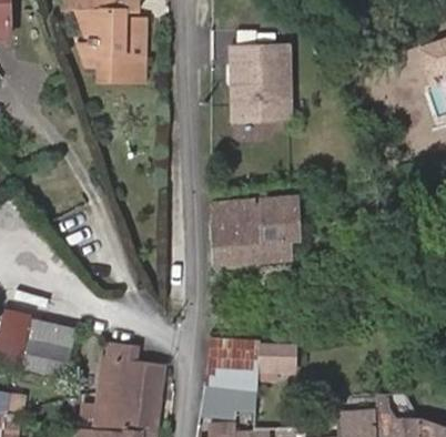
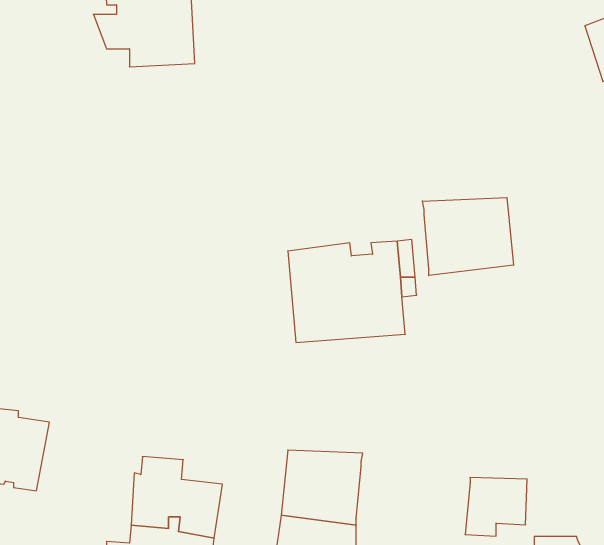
building: [230,44,286,118] -> none
building: none -> [422,198,513,276]
building: [40,319,75,372] -> none
building: [257,346,300,386] -> [465,477,527,536]

